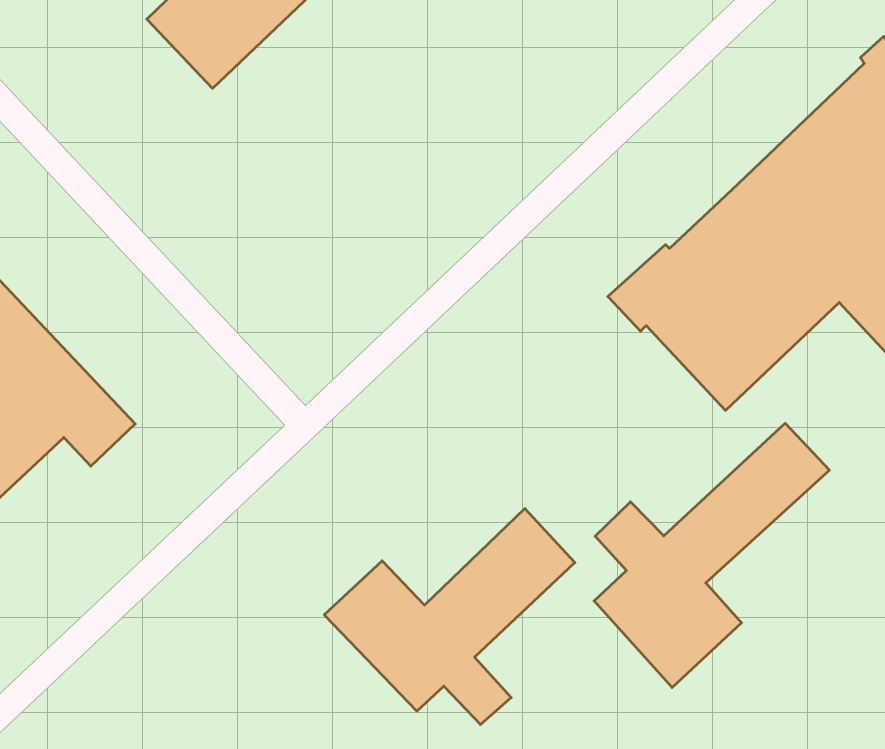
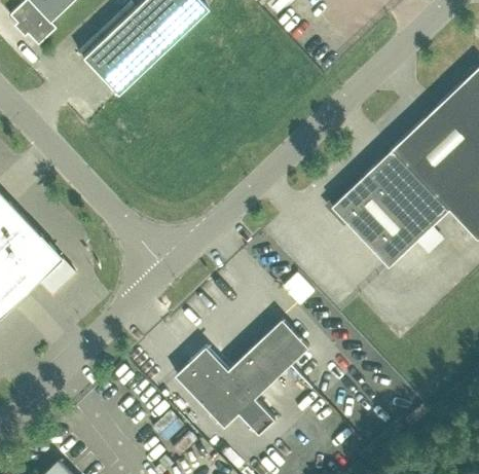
building: [594,423,829,688] -> none

